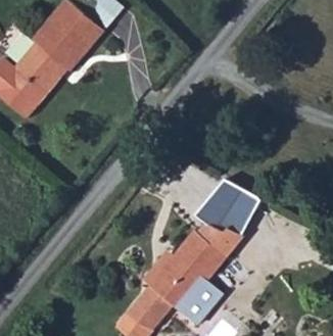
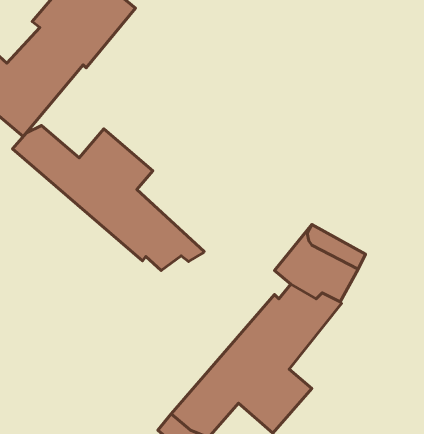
building: none -> [12,125,204,271]

